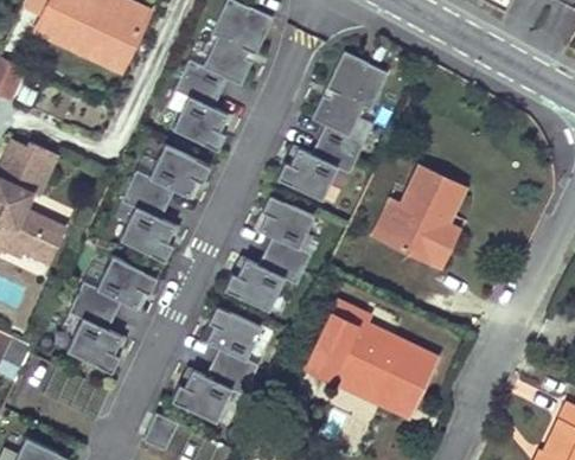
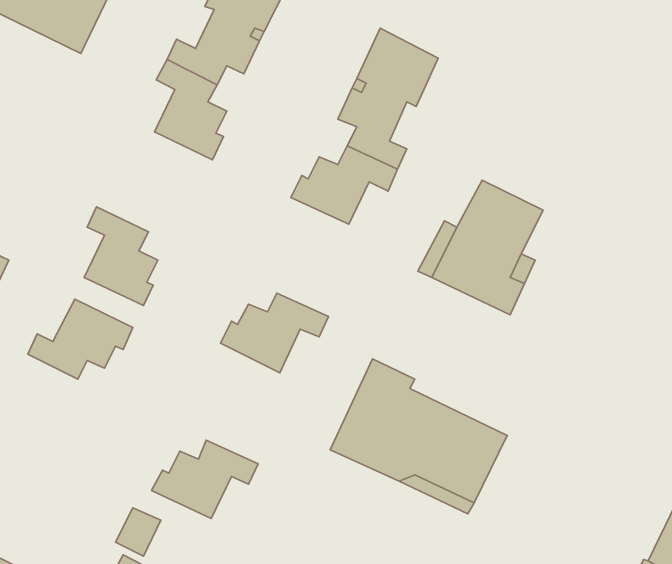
building: [129,145,210,205] -> none
building: [258,194,313,269] -> none
building: [66,298,122,372] -> none
building: [205,306,261,381] -> none

